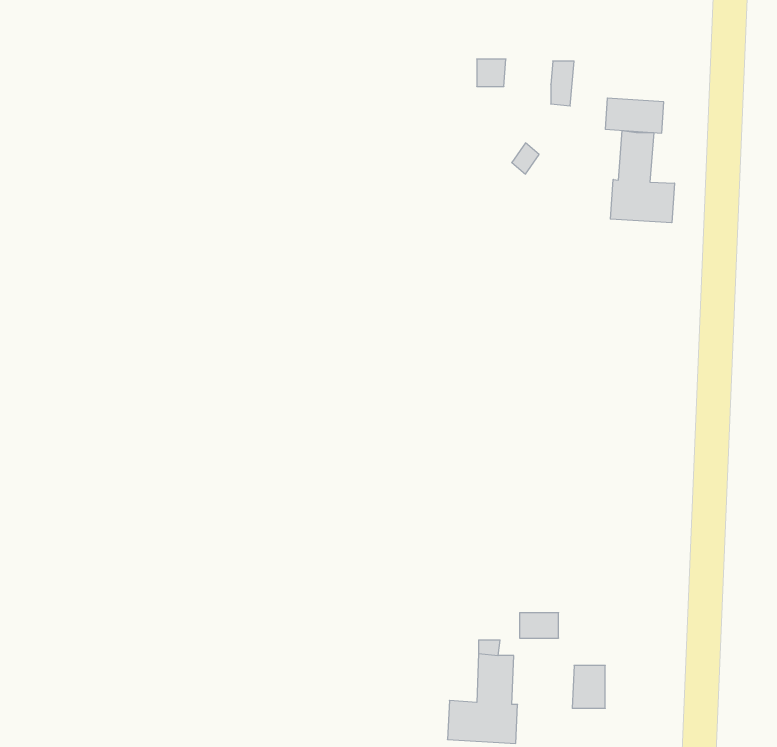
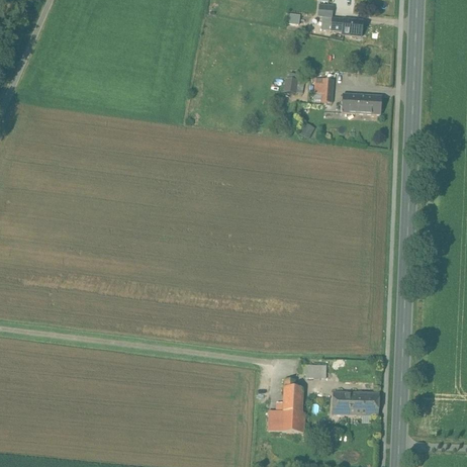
building: [610,131,674,223] -> none
building: none -> [349,391,378,414]

